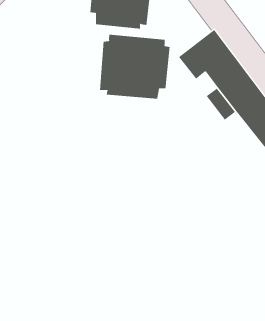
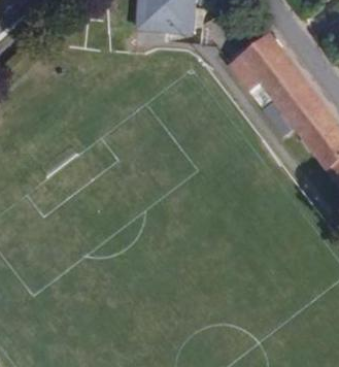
building: [100,34,170,100] -> none

